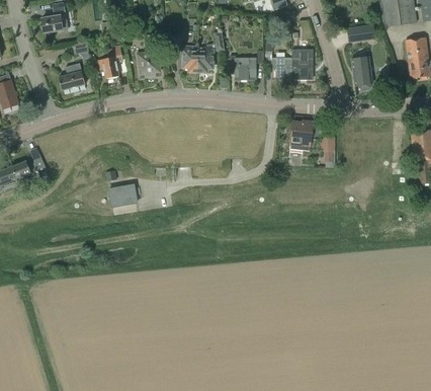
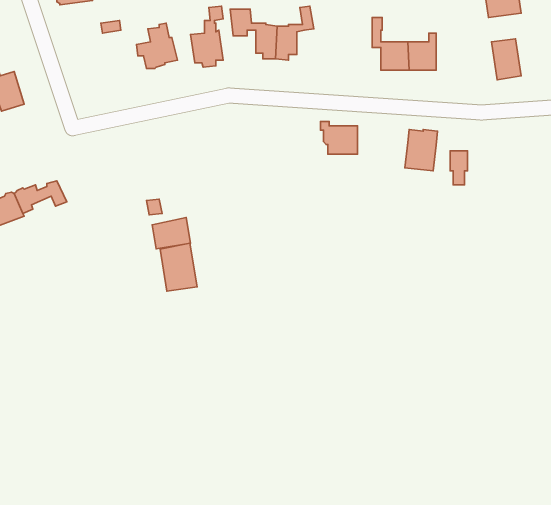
building: [230,55,256,78] -> [321,122,358,154]
building: [58,65,85,89] -> none
building: none -> [160,243,197,291]

